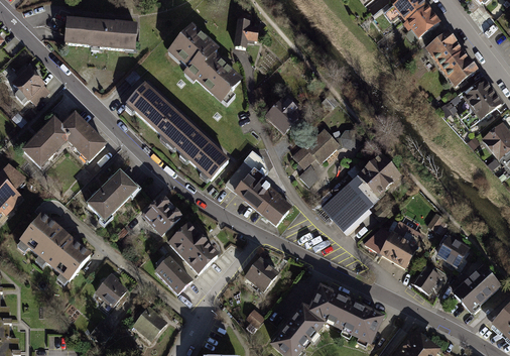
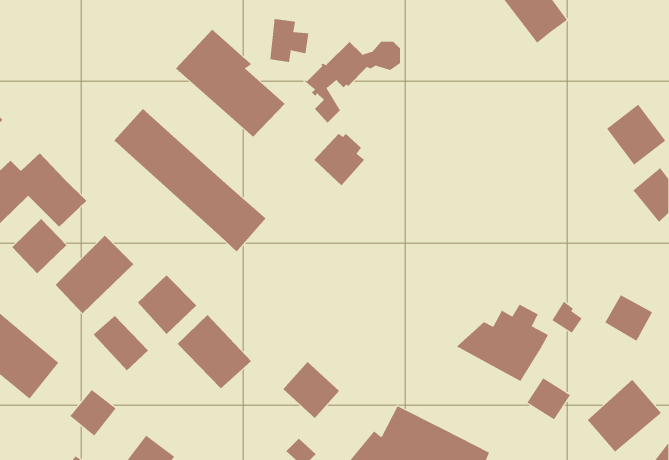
building: [63,18,138,49] -> none
building: [423,29,475,85] -> none
building: [291,129,358,186] -> [304,41,401,123]
building: [225,149,291,225] -> none
building: [316,151,403,231] -> none
building: none -> [11,218,67,274]
building: [435,237,469,269] -> [604,295,653,342]
building: [155,255,194,293] -> [93,315,149,371]

